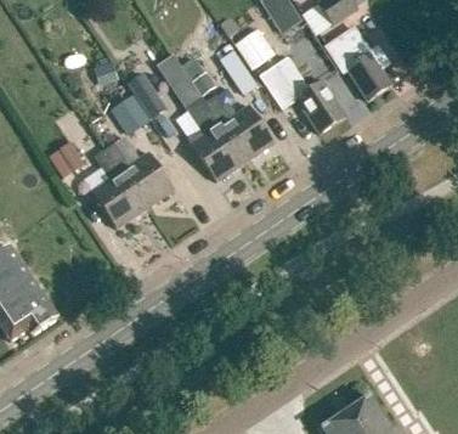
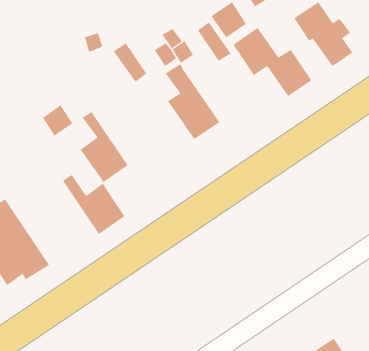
building: [112,91,152,133] -> none
building: [204,94,273,160] -> none
building: [104,141,174,208] -> [62,174,125,235]

